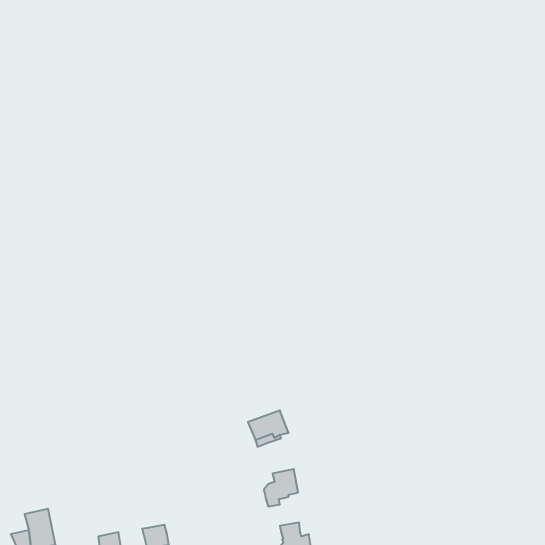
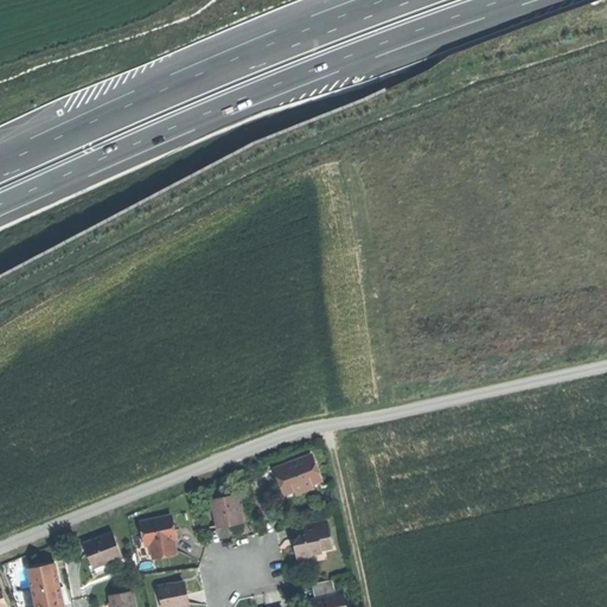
building: none -> [211,496,242,529]
building: none -> [141,517,174,557]
building: none -> [83,533,121,569]

